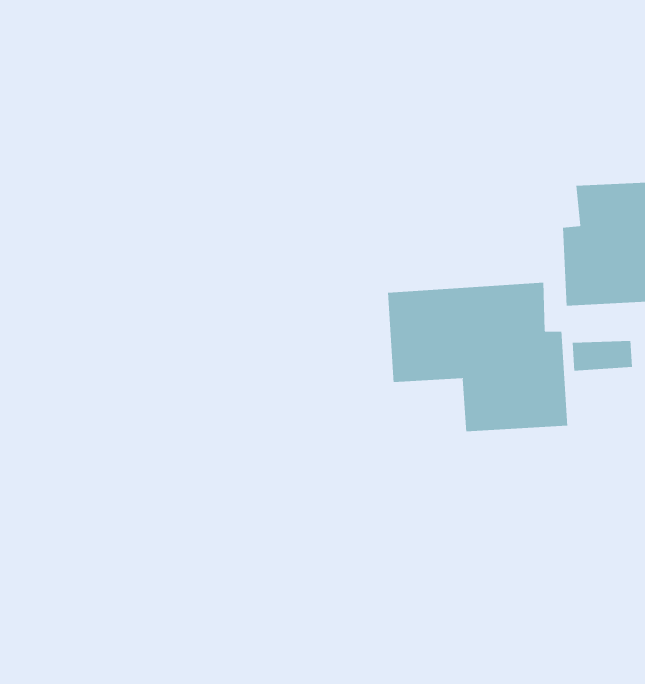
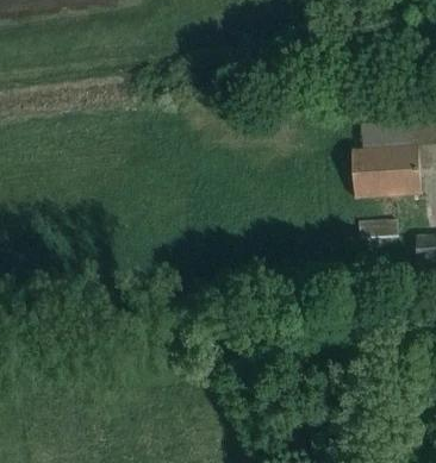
building: [387,282,568,432] -> none

